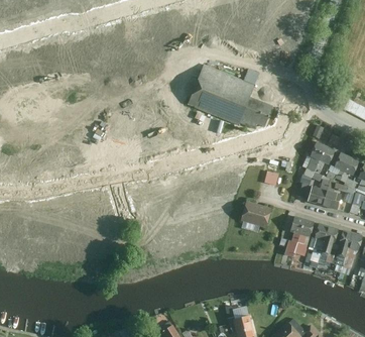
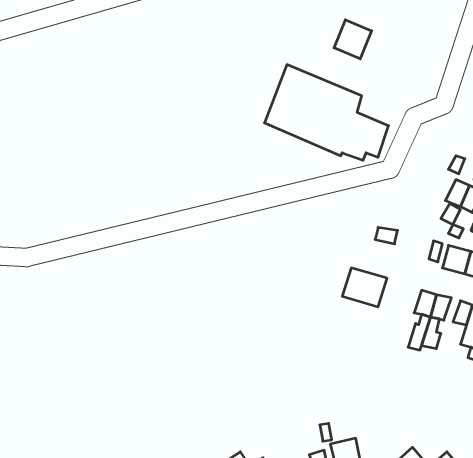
building: none -> [334,20,372,59]

